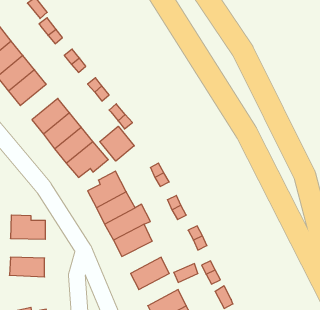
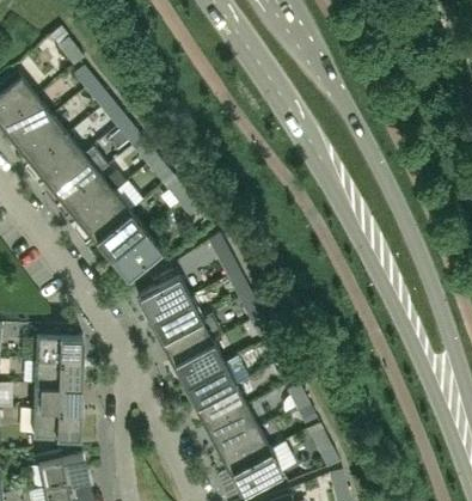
building: none -> [48,153,98,201]
building: [100,126,134,161] -> none
building: none -> [35,359,81,385]
building: none -> [183,362,235,405]
building: none -> [206,405,258,448]
building: none -> [32,408,80,440]

